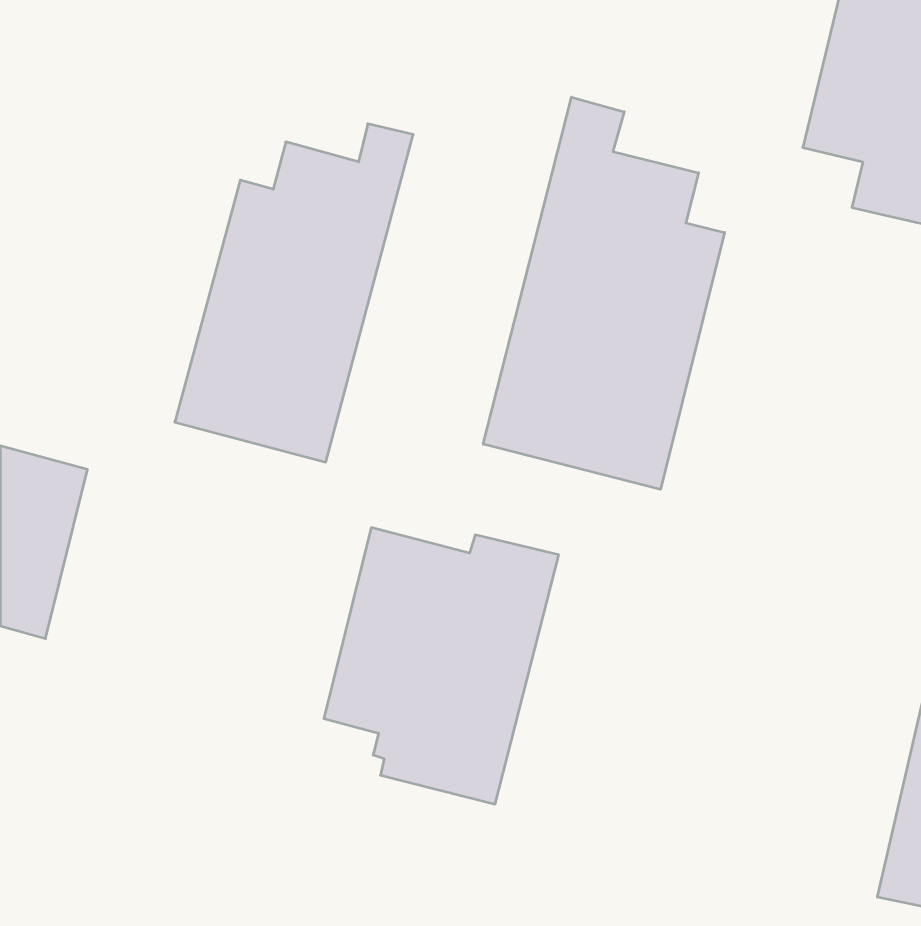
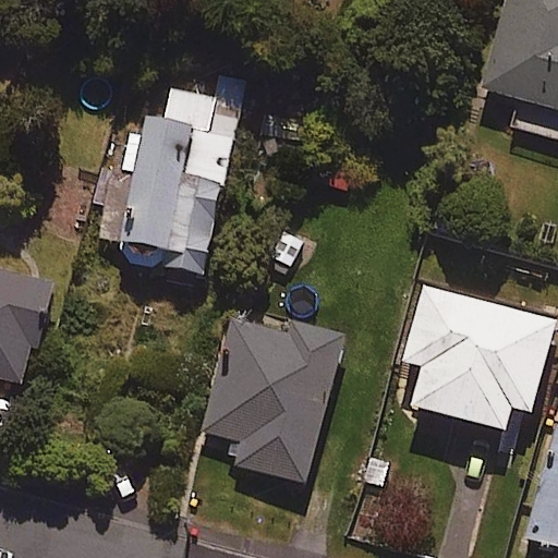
building: [483,97,725,489] -> none
building: none -> [400,283,553,430]

